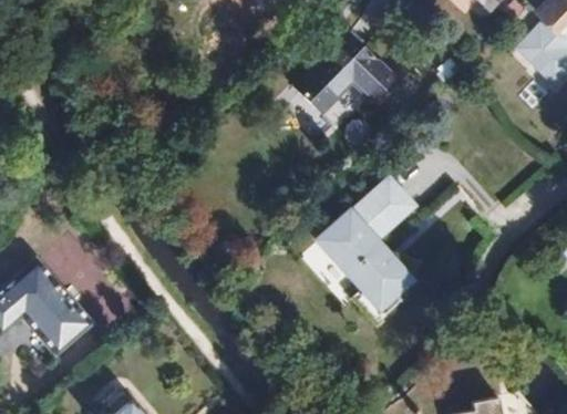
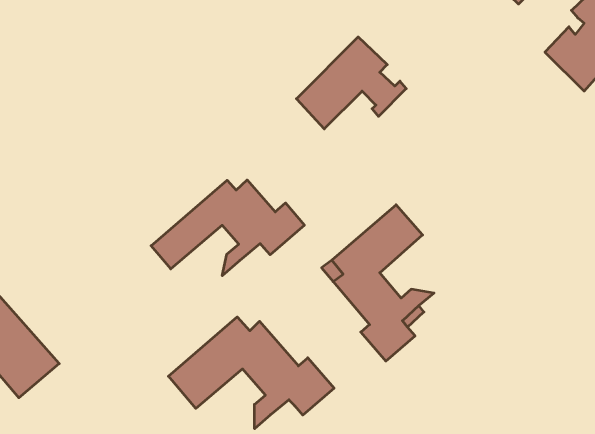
building: none -> [151,180,304,276]
building: none -> [168,317,334,429]

